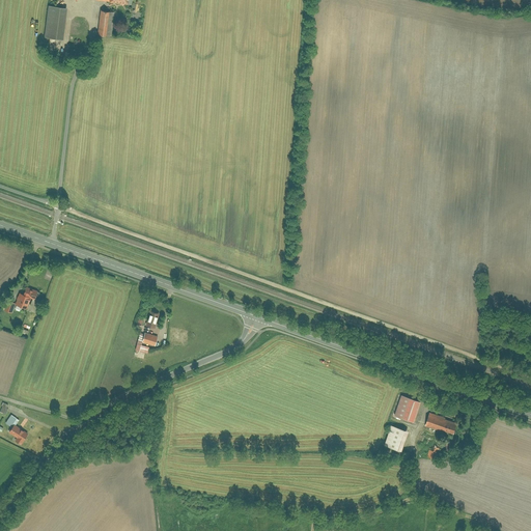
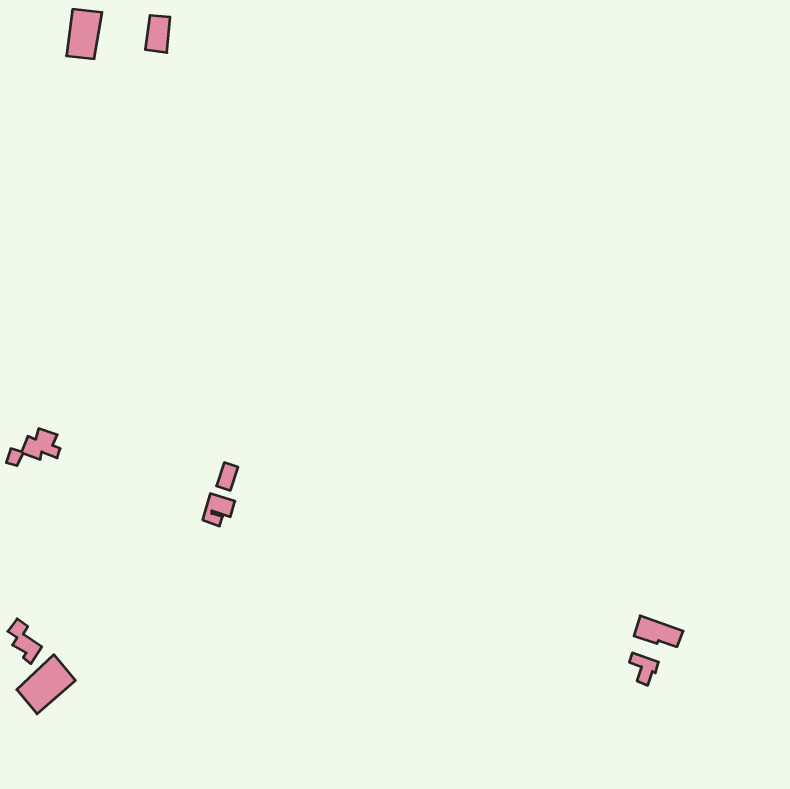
building: [394,396,421,423] -> none
building: [384,426,409,452] -> none
building: none -> [17,655,75,714]

